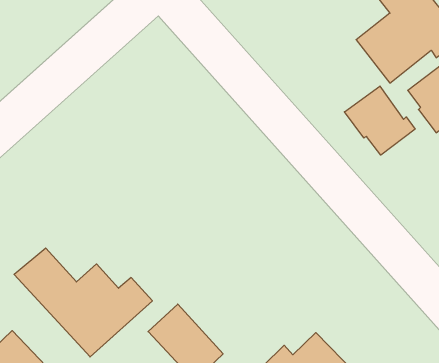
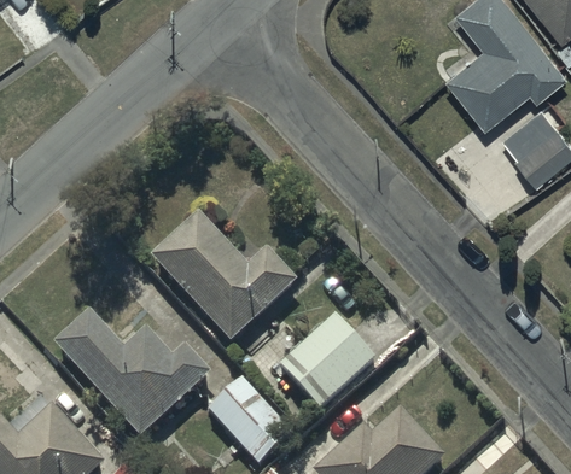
building: [344,86,415,155] -> none
building: none -> [151,210,298,343]
building: none -> [279,312,377,409]

